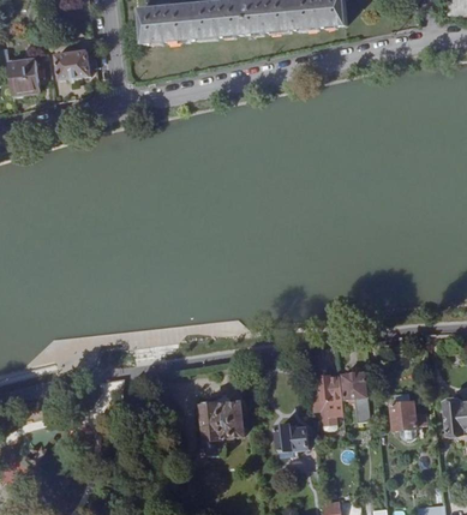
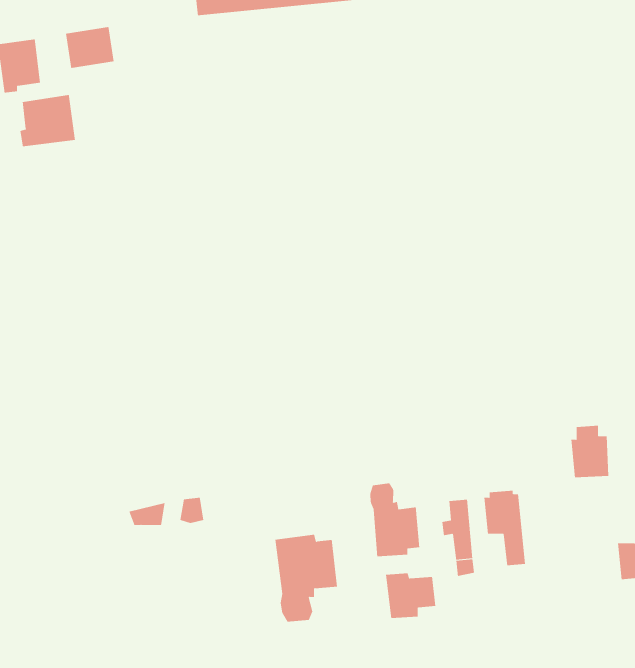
building: none -> [20,94,75,147]
building: none -> [370,483,420,557]
building: [389,393,415,429] -> [571,425,609,478]

